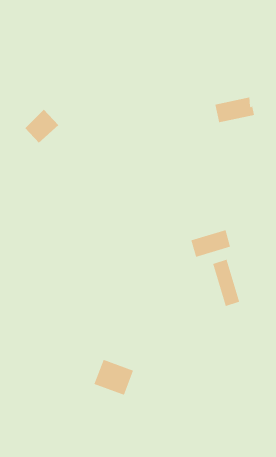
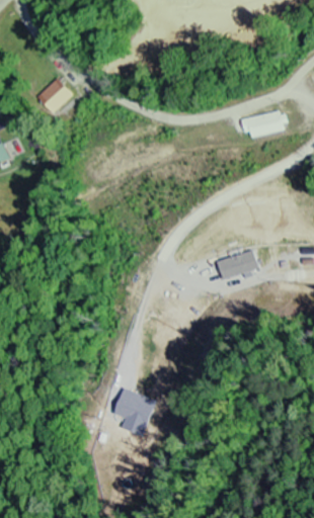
building: [24,109,59,144] -> [36,76,73,112]
building: [213,259,240,307] -> none

